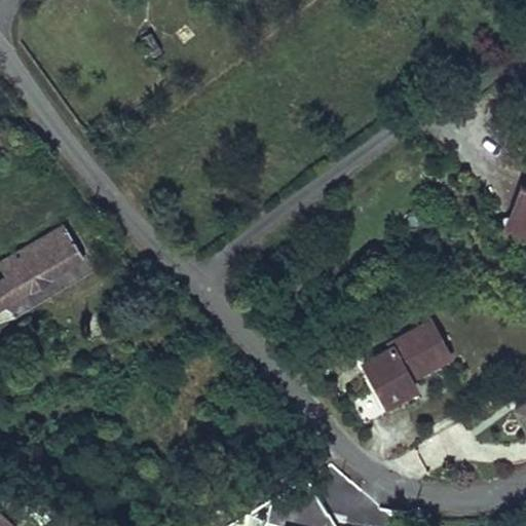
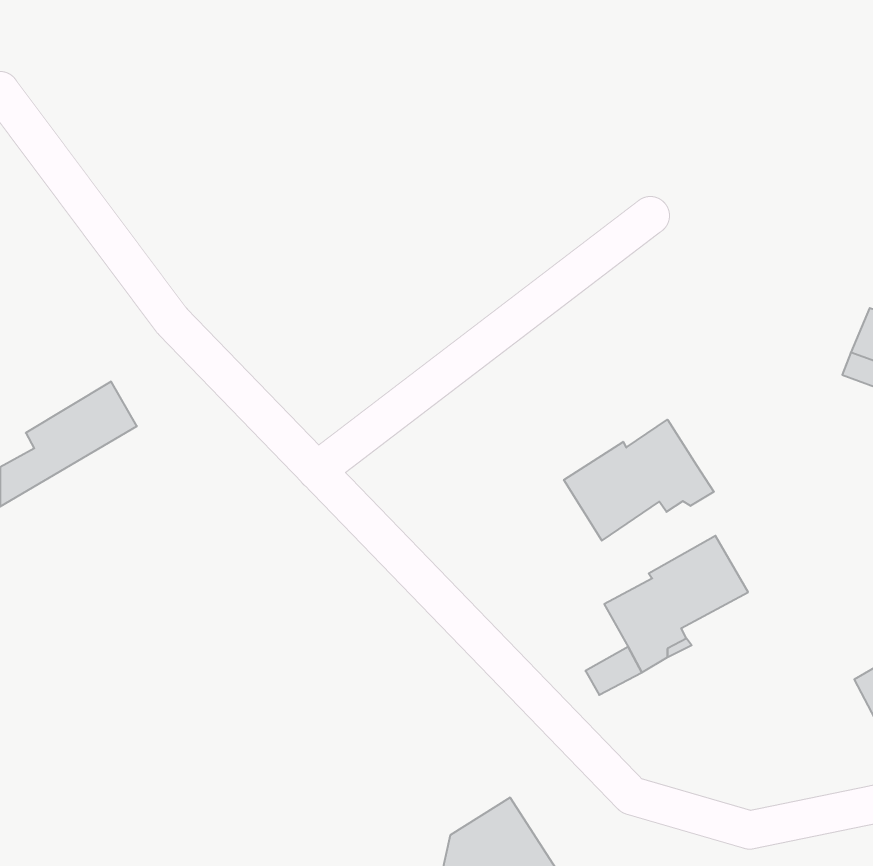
building: none -> [564,420,714,541]

